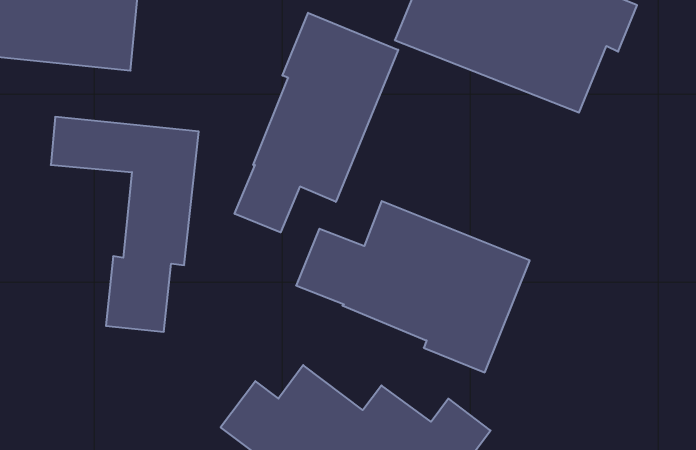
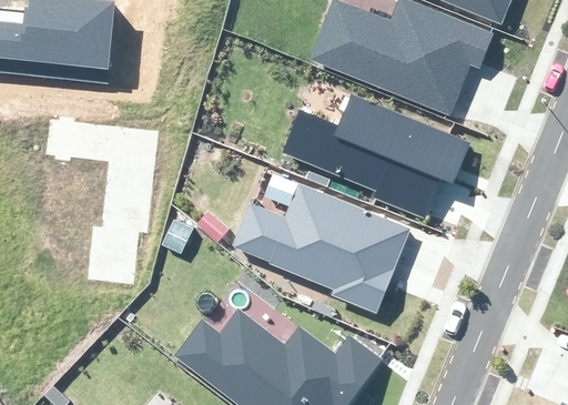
building: [235,13,398,232] -> none
building: none -> [282,95,469,217]

